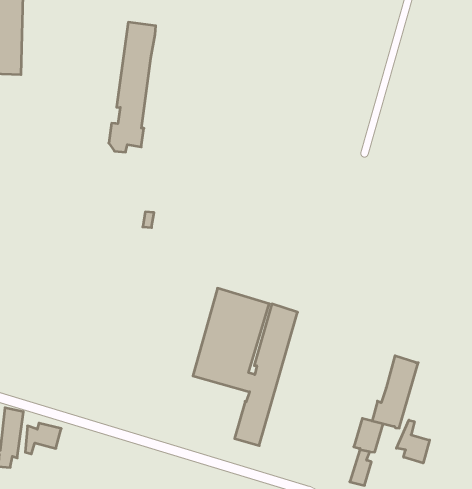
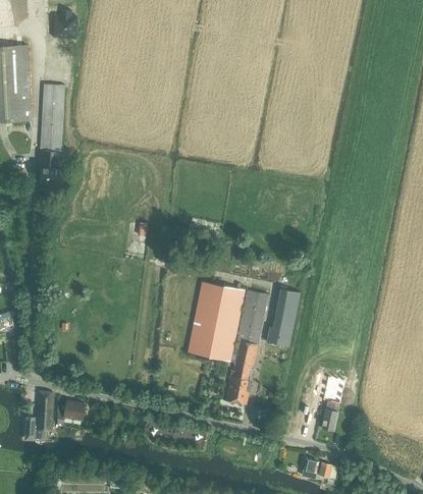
building: [109,22,156,152] -> [35,84,65,188]
building: [372,356,418,428] -> [266,287,300,345]
building: [396,420,430,463] -> none

